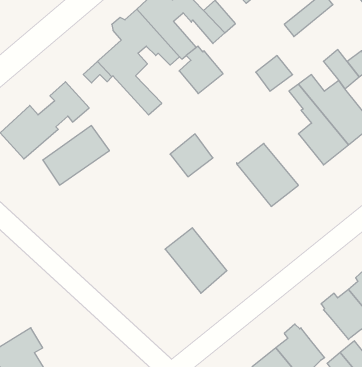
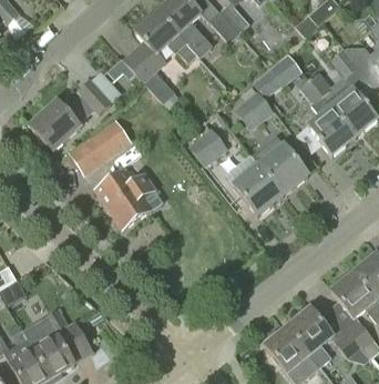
building: [179,46,223,94] -> [234,85,275,130]
building: none -> [95,170,154,230]
building: [165,228,227,293] -> [225,154,283,215]

